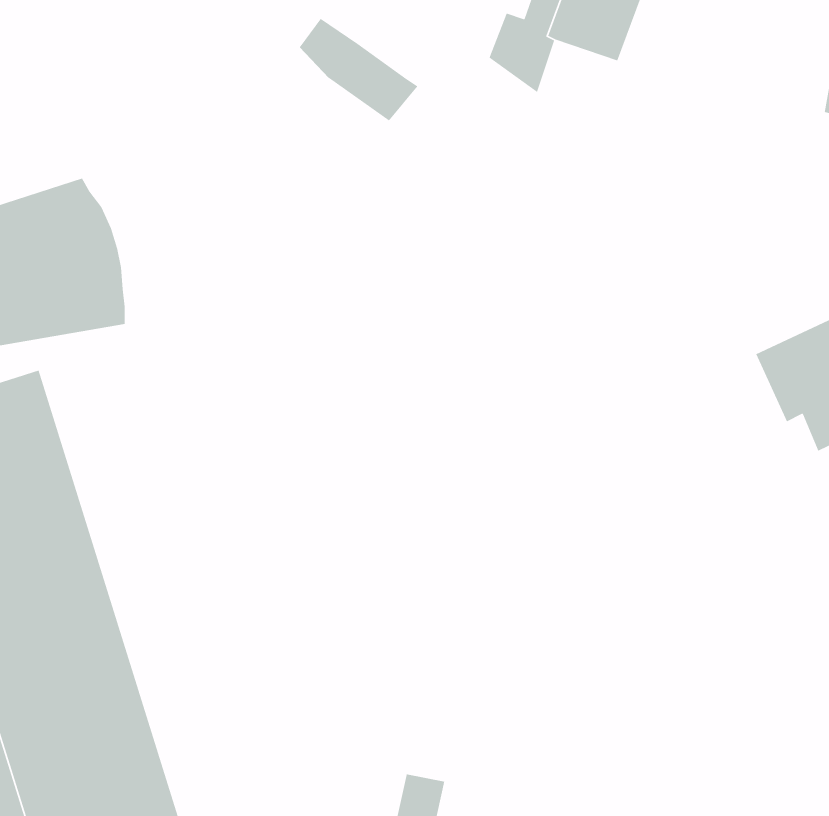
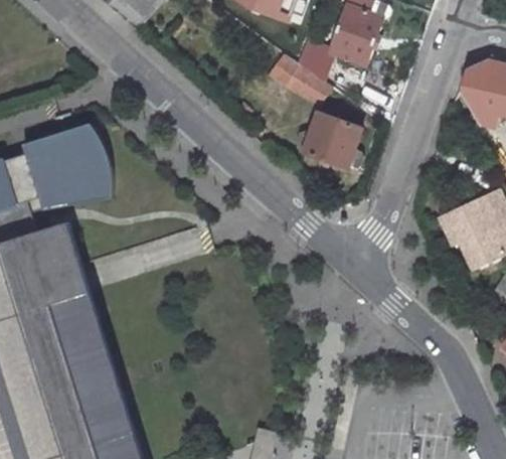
building: [299,18,419,122] -> [268,50,329,104]
building: none -> [293,112,361,168]

